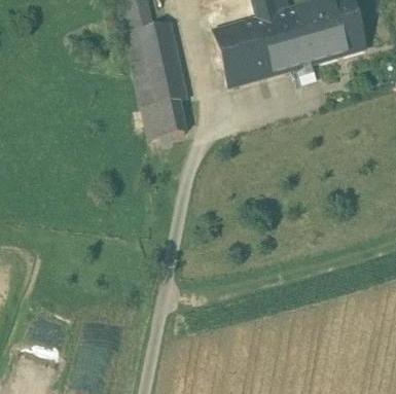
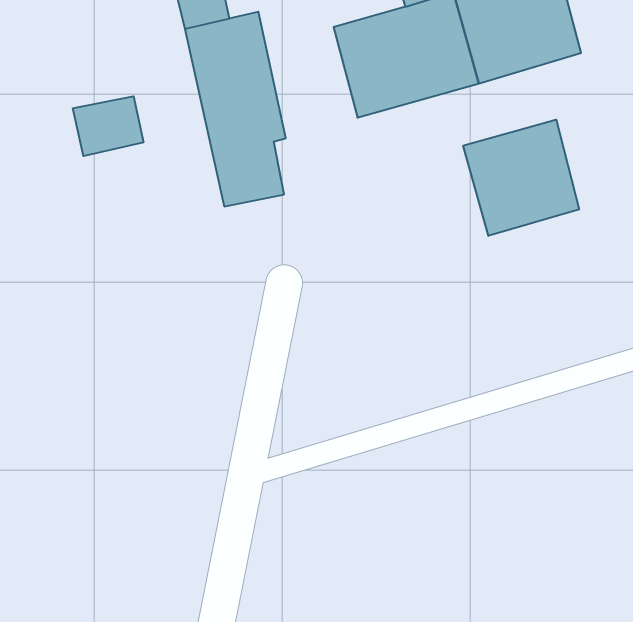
building: none -> [73,96,143,156]
building: none -> [463,120,579,236]

